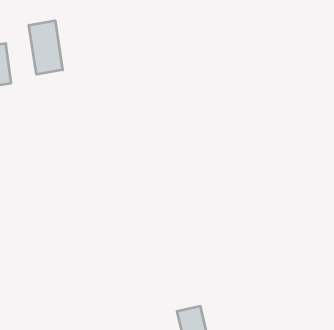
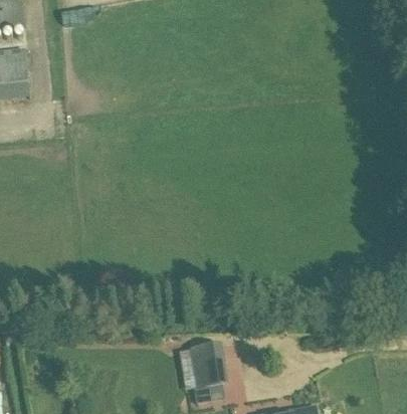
building: [29,21,63,74] -> none

